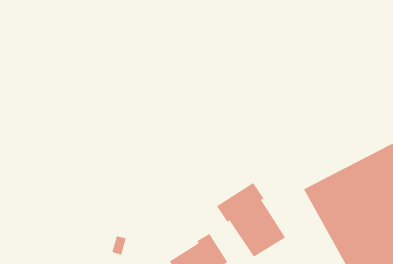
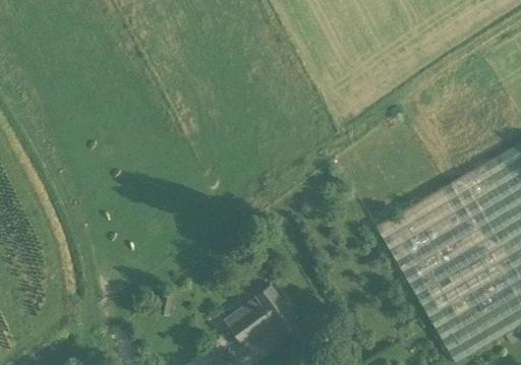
building: [216,182,286,258] -> none

